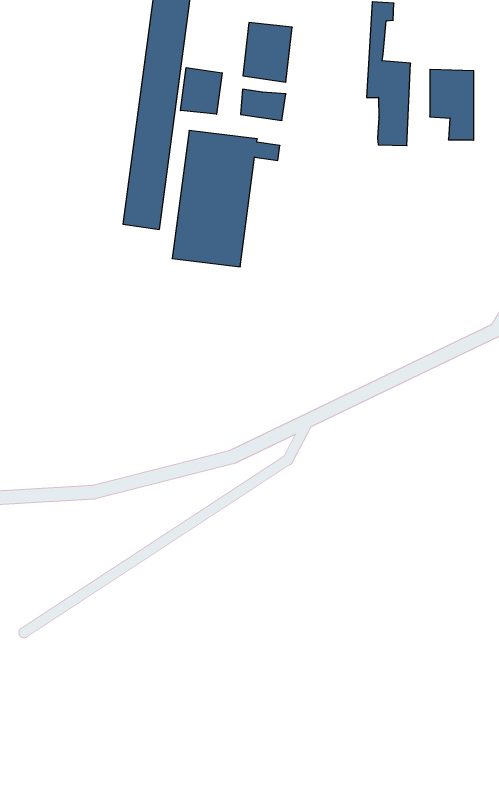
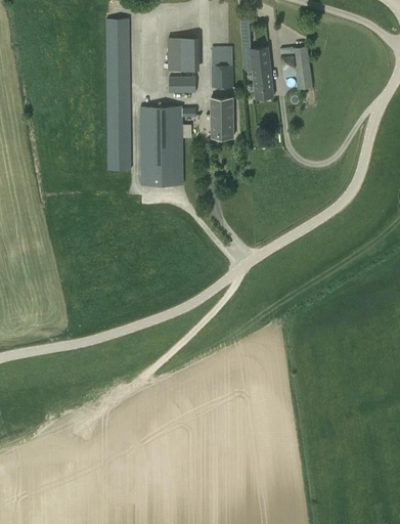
building: none -> [213,48,232,88]
building: [181,68,222,114] -> none
building: none -> [211,98,233,138]

